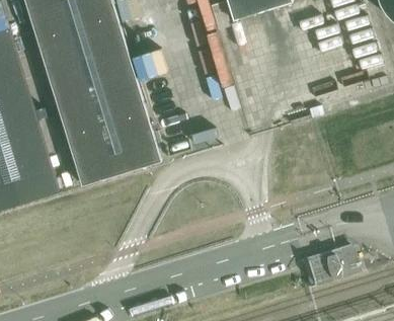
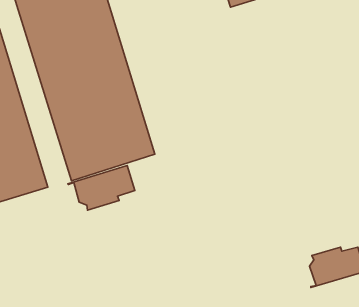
building: none -> [68,165,135,210]

